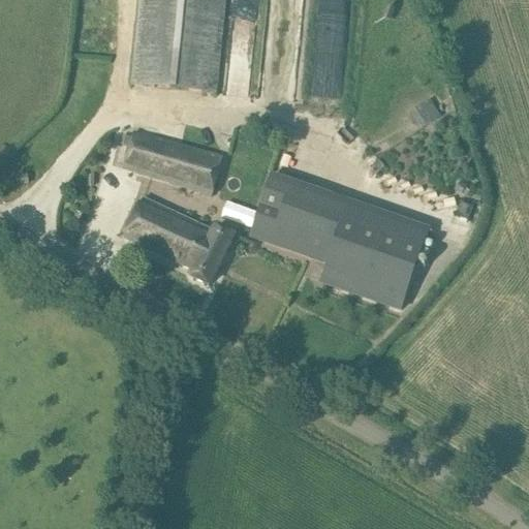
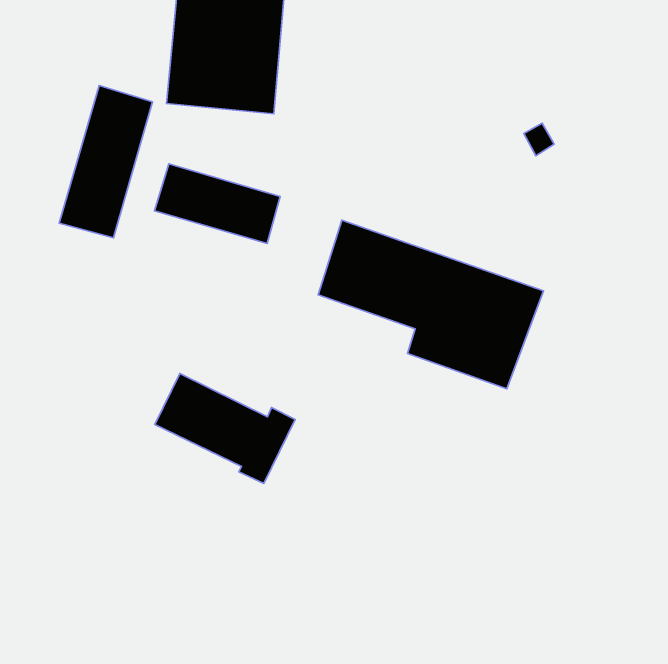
building: none -> [59,86,153,238]
building: [123,196,234,283] -> [155,374,295,484]

